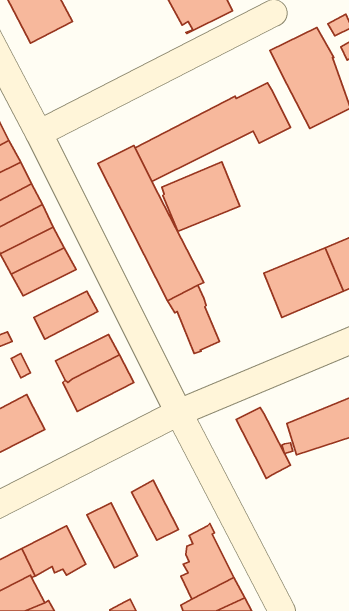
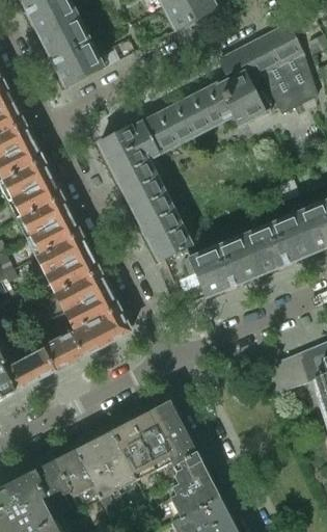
building: none -> [43,19,104,86]
building: none -> [220,44,264,80]
building: [162,162,240,232] -> [192,236,260,296]
building: none -> [36,233,91,274]
building: none -> [55,269,110,312]
building: none -> [42,330,83,371]
building: [236,407,290,478] -> [148,404,195,466]
building: none -> [112,425,152,480]
building: none -> [74,445,115,498]

